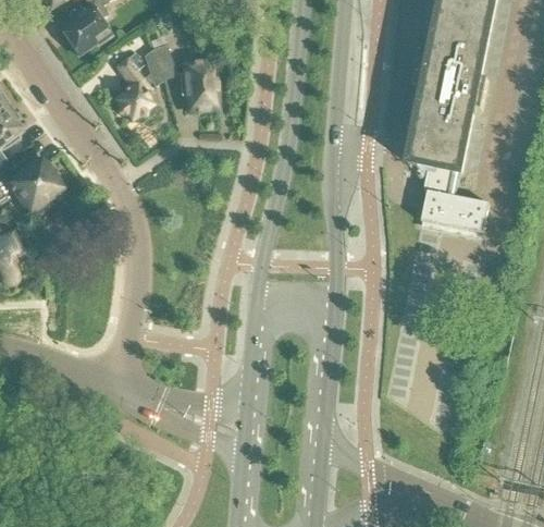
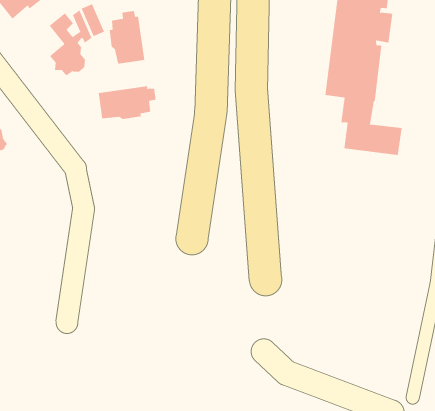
building: none -> [98,85,156,120]

